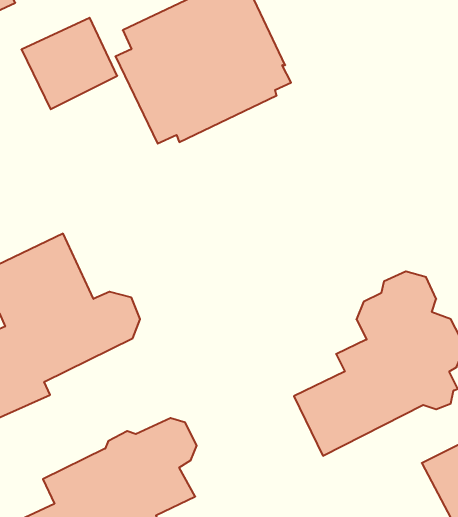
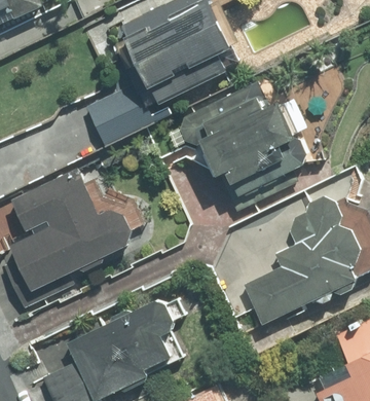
building: [21,18,117,109] -> [85,81,153,146]
building: none -> [180,81,309,211]

